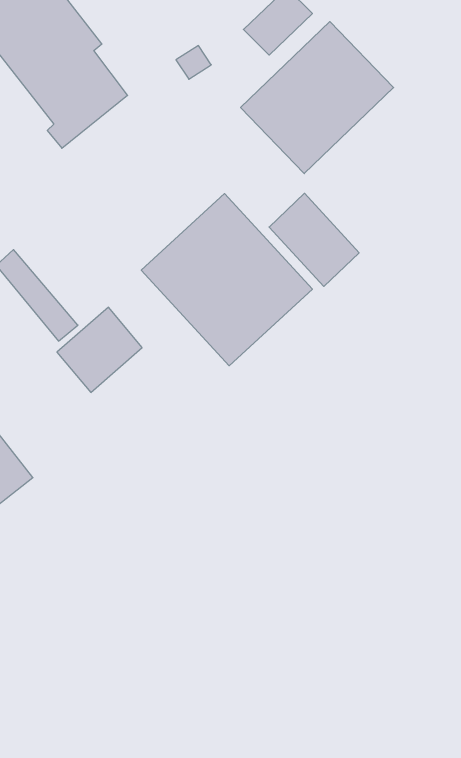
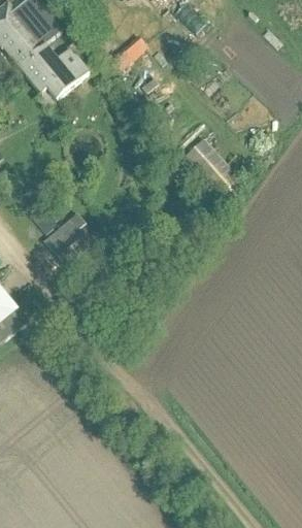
building: [241,22,394,174] -> none
building: [141,194,312,366] -> none

